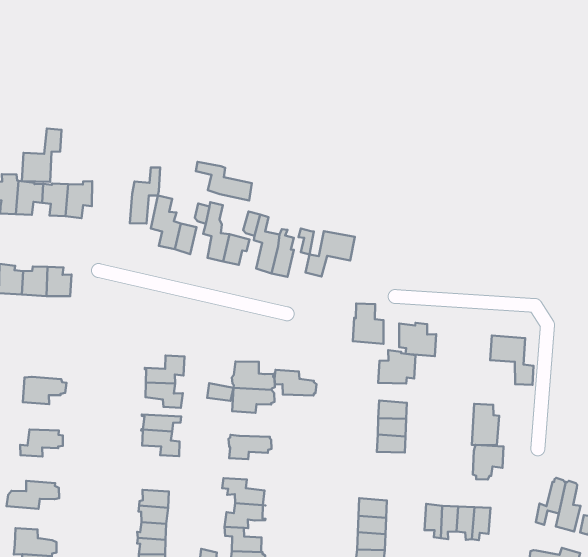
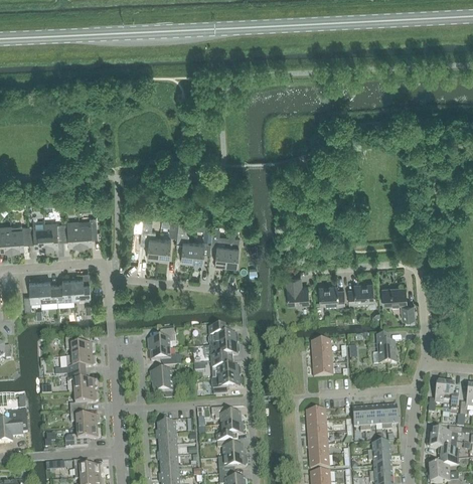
building: [22,129,61,182] -> none
building: [196,162,252,201] -> none
building: [130,167,160,223] -> none
building: [305,231,355,276] -> none
building: none -> [65,338,95,356]
building: [378,350,416,383] -> [348,284,373,307]
building: [274,370,316,395] -> [211,361,241,378]
building: none -> [67,373,98,392]
building: [473,445,504,479] -> none
building: none -> [70,410,100,428]

